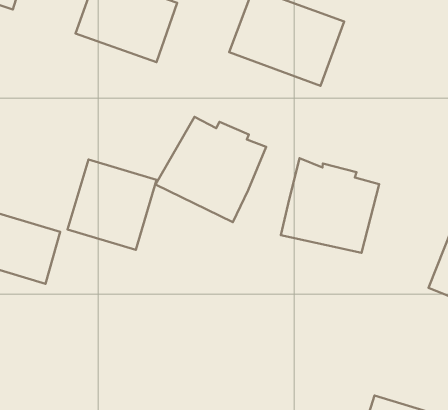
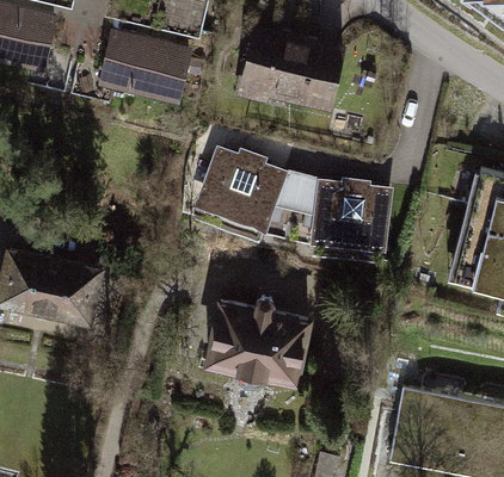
building: none -> [273,172,316,221]
building: [68,159,157,250] -> none
building: none -> [210,291,311,377]

